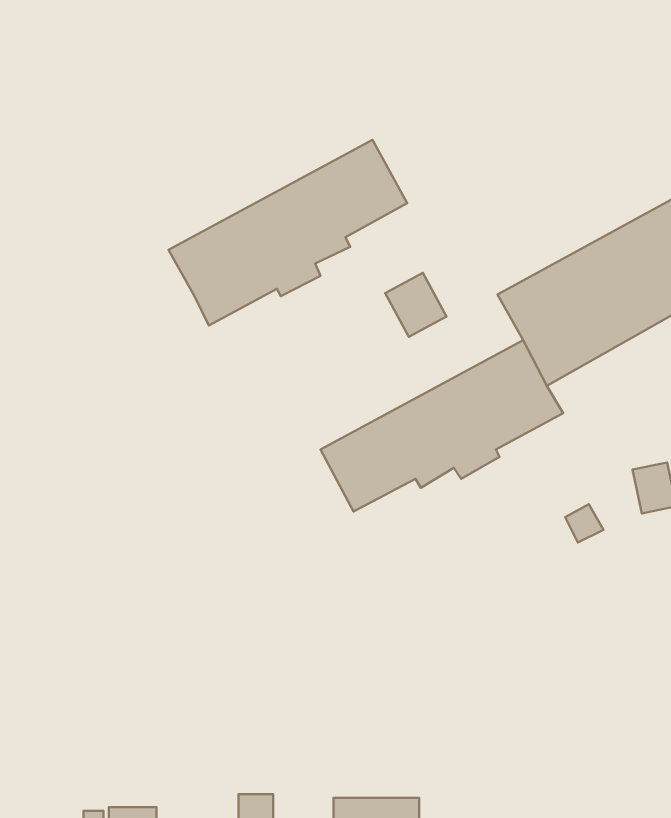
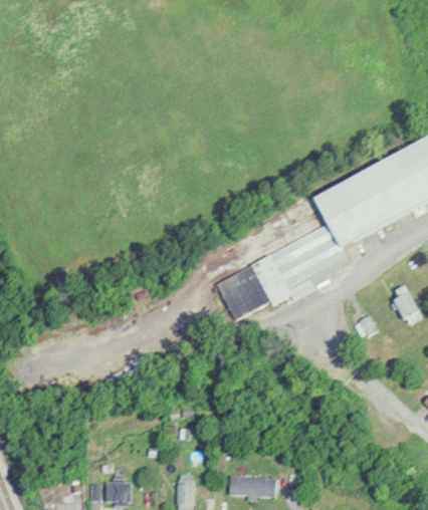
building: [169,140,407,326] -> none
building: [385,273,446,337] -> none

